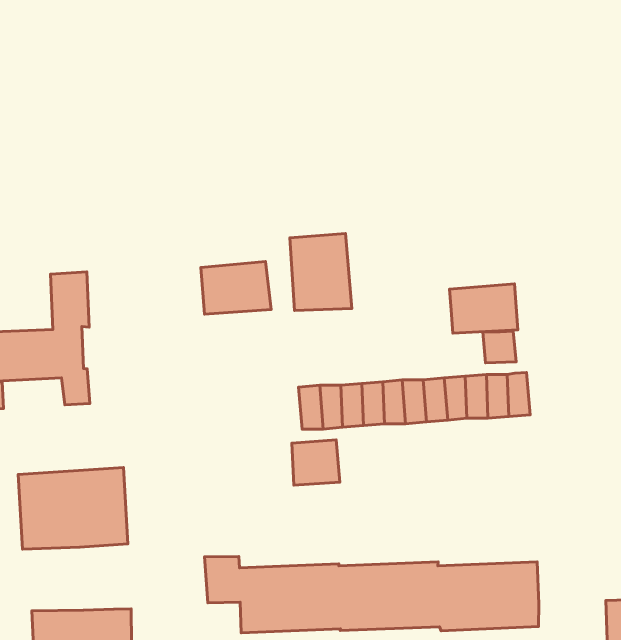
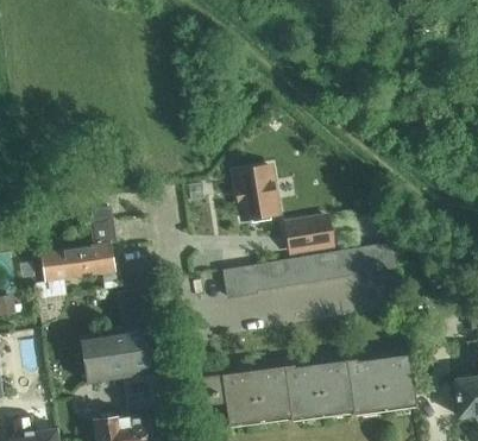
building: [201,262,271,314] -> none
building: [449,284,518,333] -> [287,215,332,250]
building: [292,440,340,485] -> [222,264,254,295]

